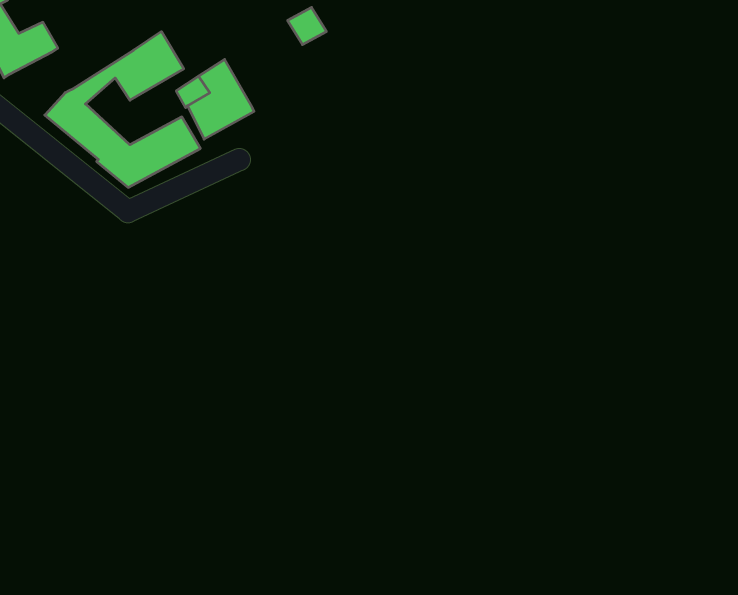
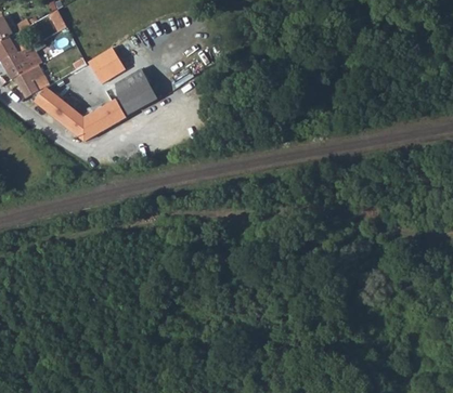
building: none -> [13,63,50,97]

